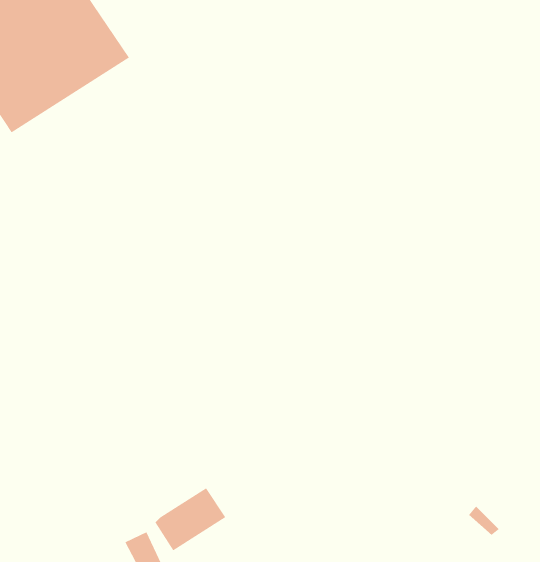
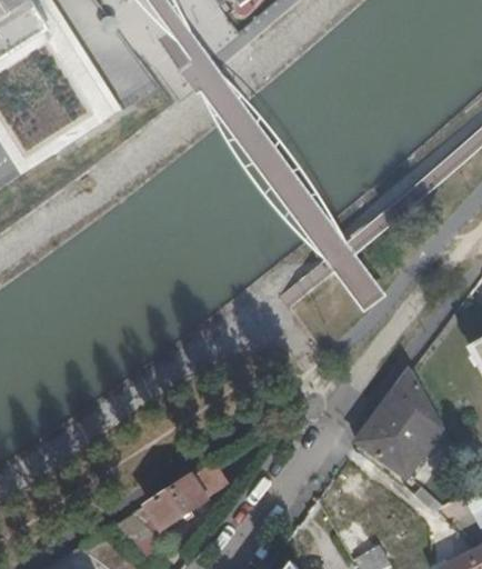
building: none -> [357,370,442,479]

